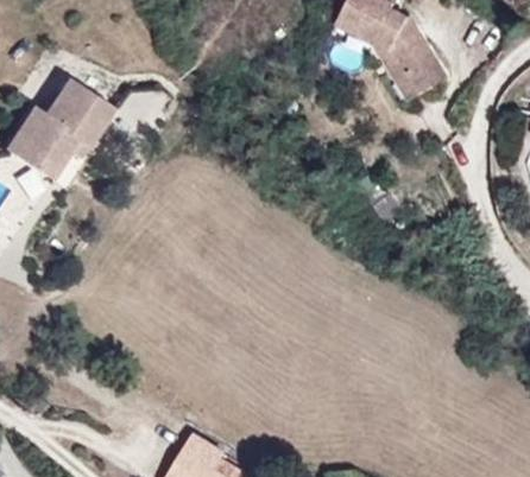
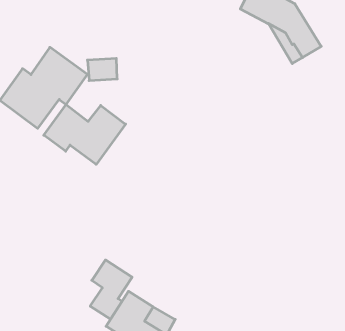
building: none -> [44,104,126,164]
building: none -> [90,260,132,319]

